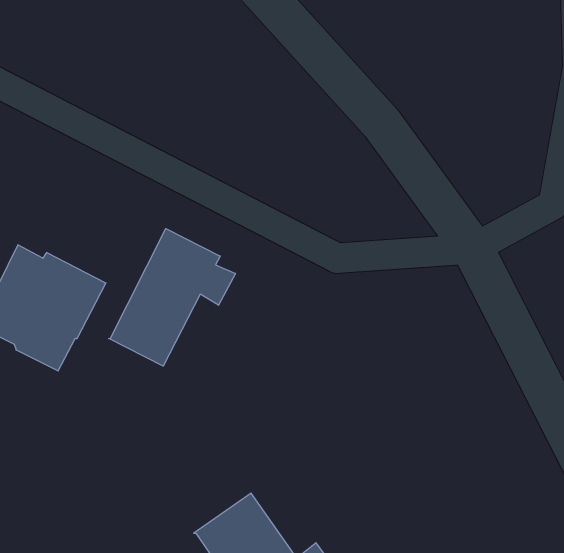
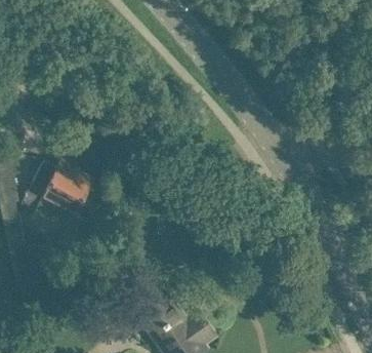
building: [109,229,235,366] -> none

